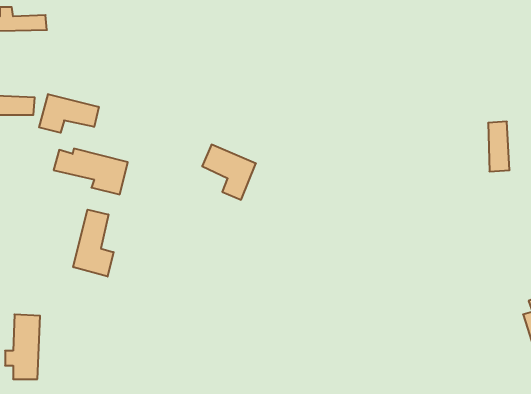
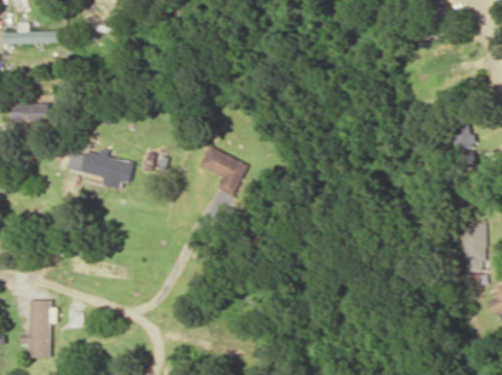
building: [39,94,99,133] -> none
building: [73,210,114,277] -> none
building: none -> [462,222,485,292]

